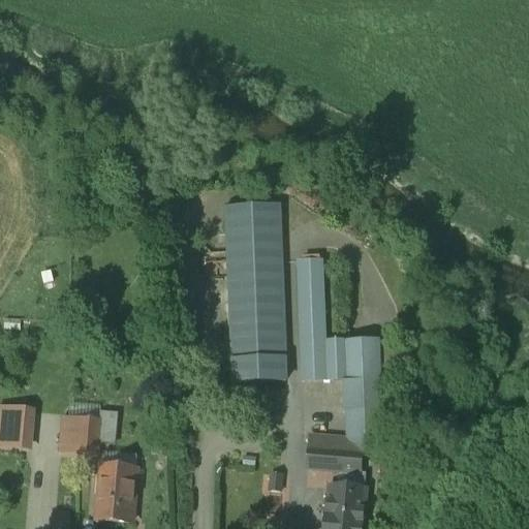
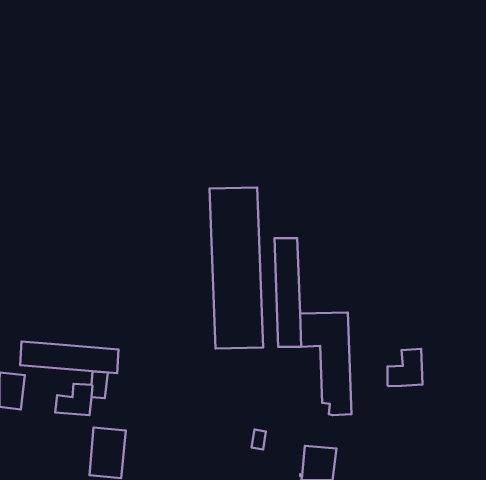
building: none -> [20,341,119,373]
building: none -> [387,349,422,386]
building: [307,434,361,469] -> none

